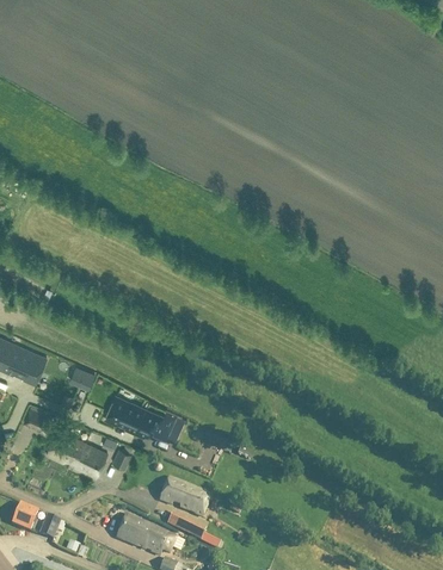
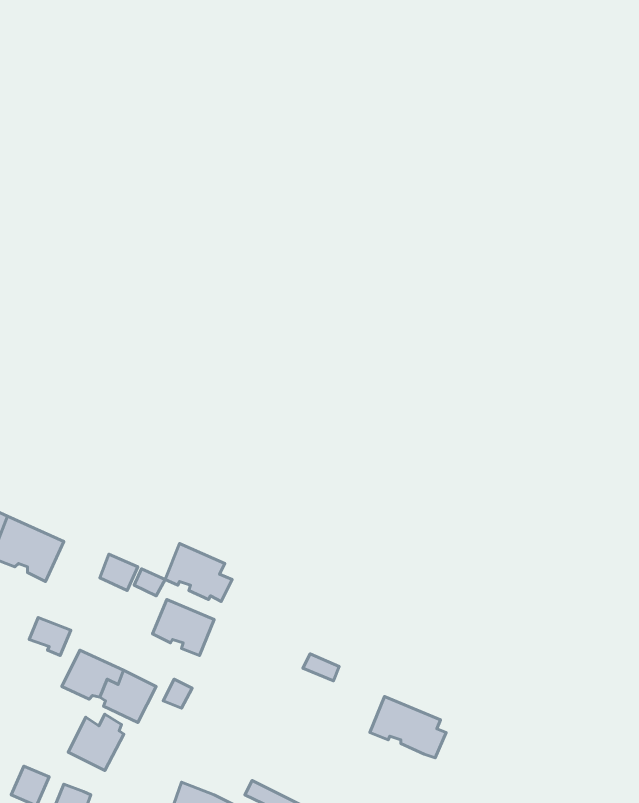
building: [135,409,179,447] -> [165,543,232,601]
building: none -> [68,714,124,770]
building: [158,478,208,519] -> [370,696,446,758]

